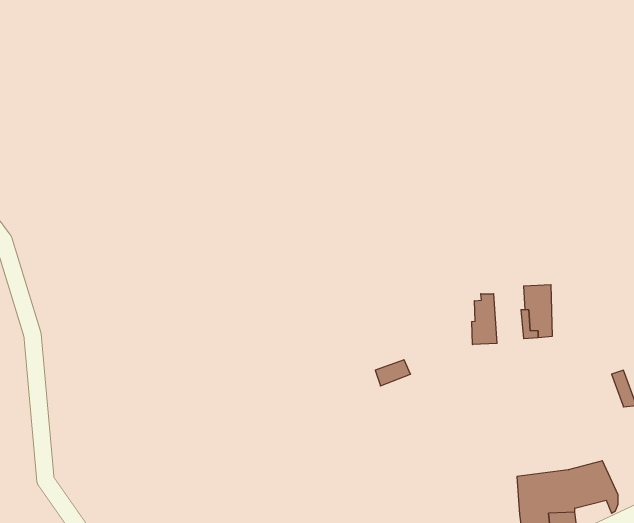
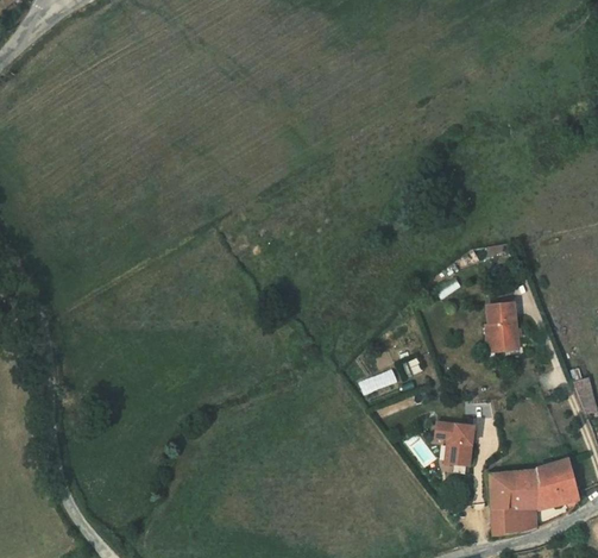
building: [472,294,497,345] -> none
building: none -> [433,419,473,460]

